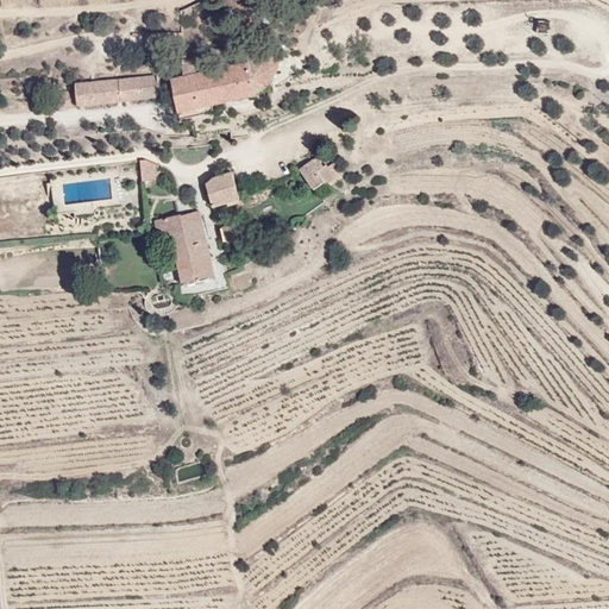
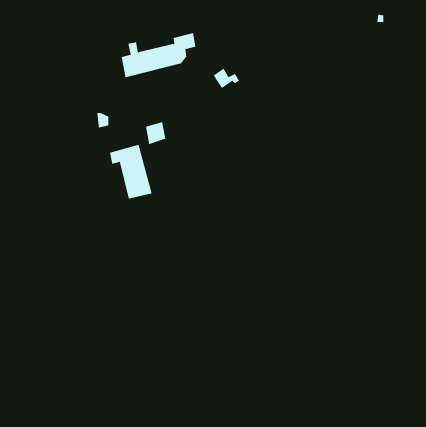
building: [73,77,158,108] -> none
building: [300,159,338,189] -> [213,68,240,89]

